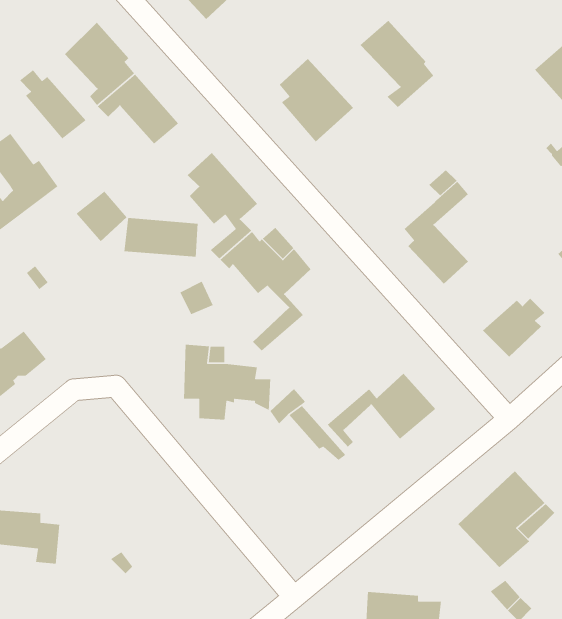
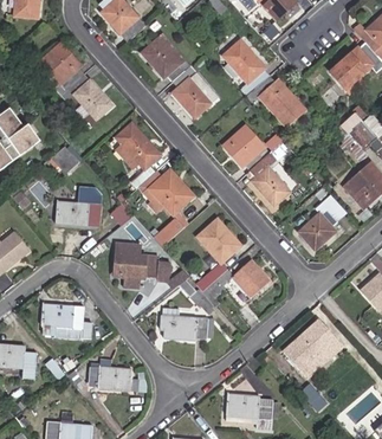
building: none -> [142,38,190,80]
building: [19,69,87,139] -> none
building: none -> [246,75,304,125]
building: none -> [224,125,268,169]
building: [124,217,198,258] -> [54,200,101,225]
building: none -> [196,225,241,290]
building: none -> [41,303,92,338]
building: none -> [160,305,206,338]
building: none -> [90,366,132,389]

